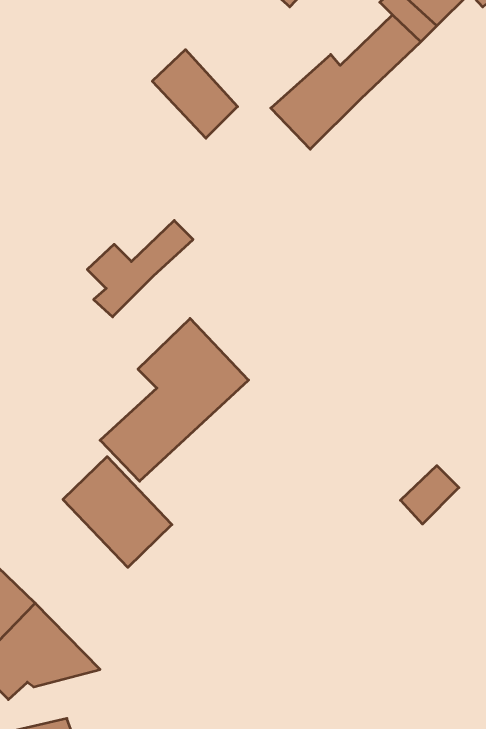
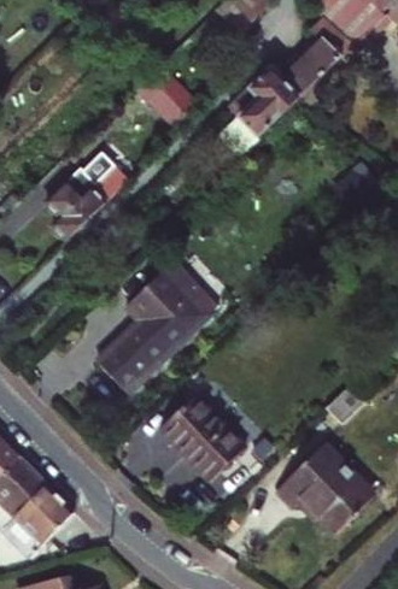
building: [87,220,193,317] -> [47,165,128,238]
building: [63,457,172,567] -> [162,394,245,478]
building: none -> [276,444,374,532]

